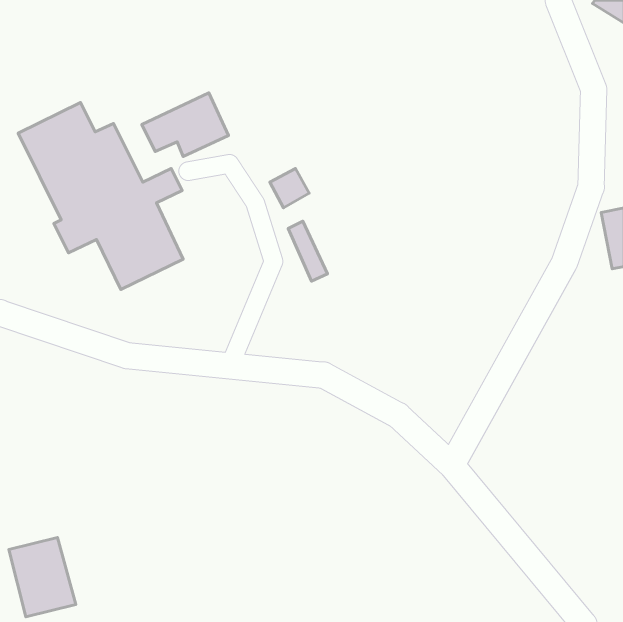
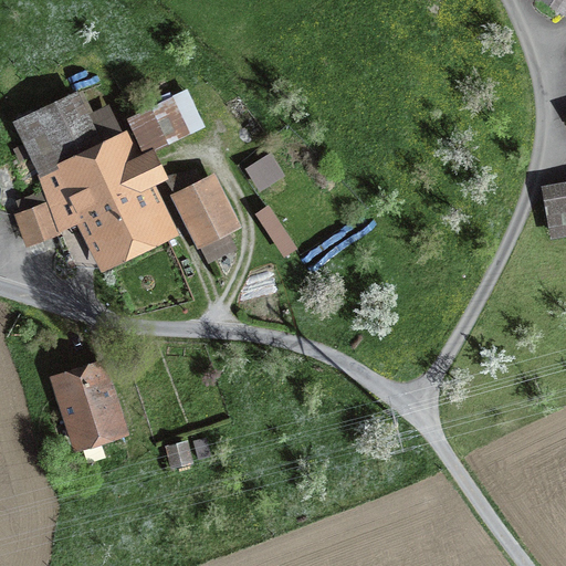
building: none -> [171,181,224,248]
building: none -> [11,197,56,245]
building: [9,537,76,617] -> [57,373,118,444]

